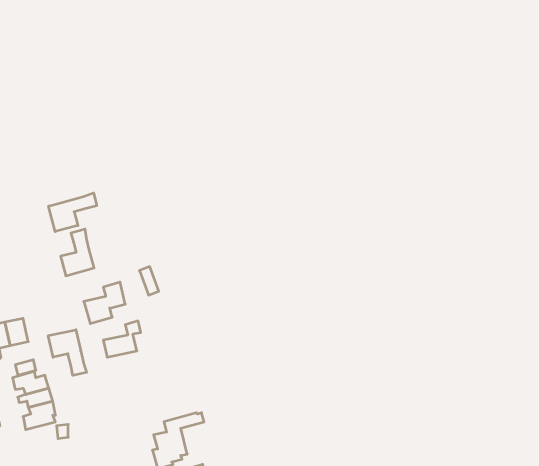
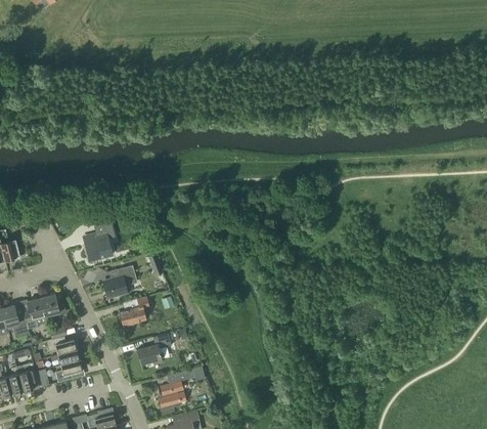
building: [49,193,97,232] -> none
building: [48,330,87,375] -> none
building: none -> [136,333,171,364]

